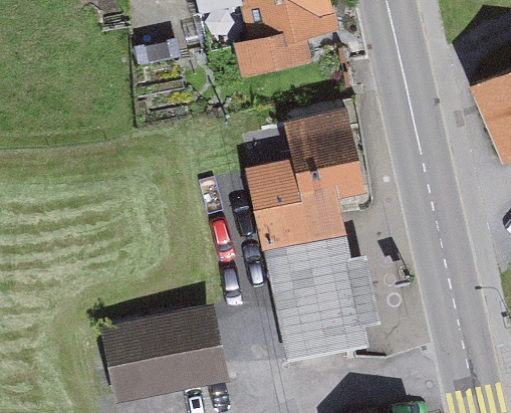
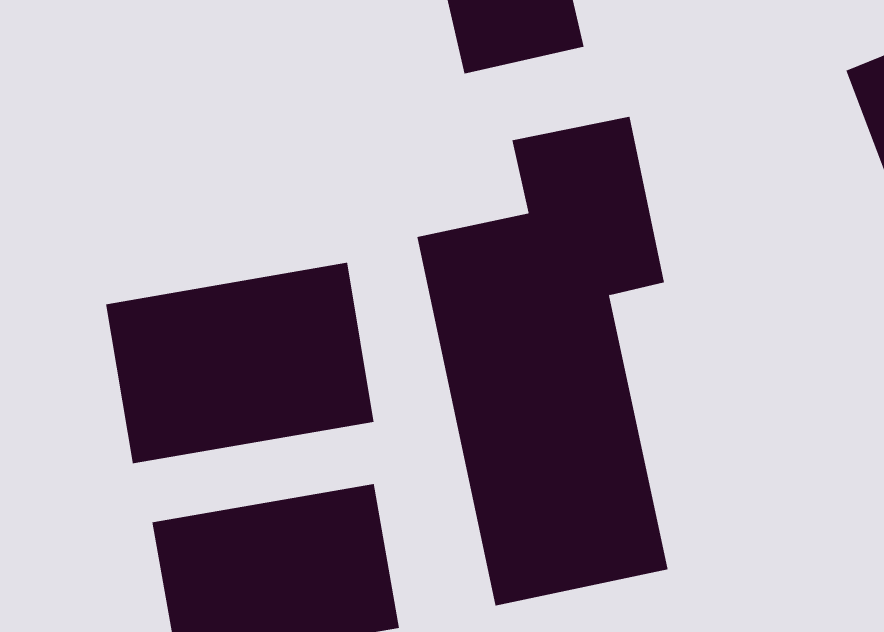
building: none -> [106,262,374,464]

